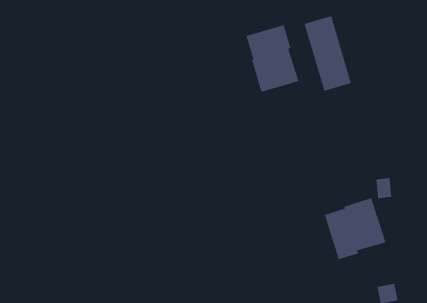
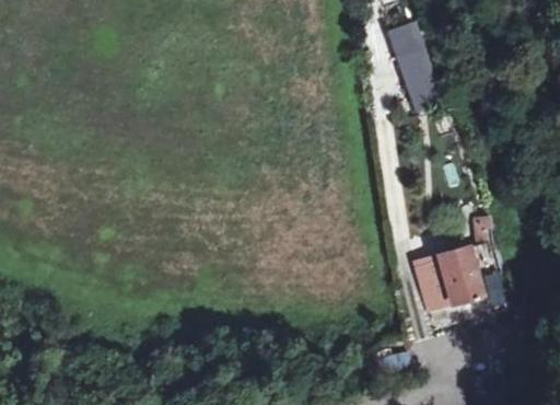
building: [246,24,299,93] -> none

